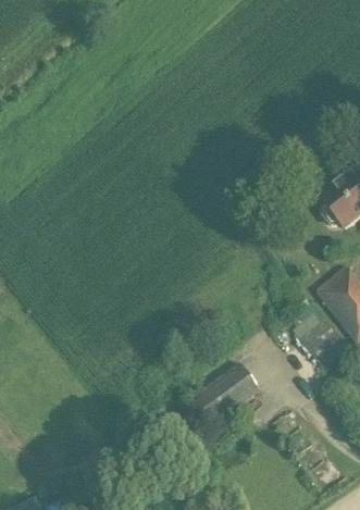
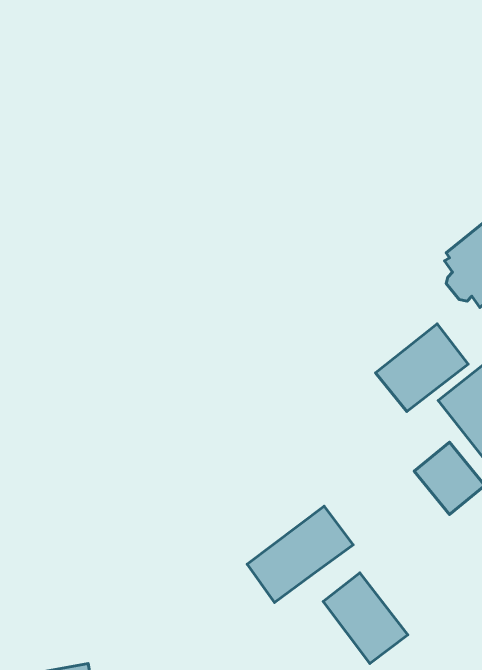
building: none -> [375,324,468,412]
building: none -> [323,573,408,664]

